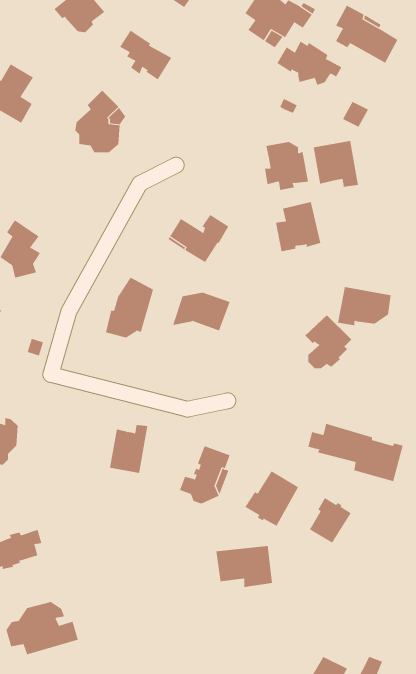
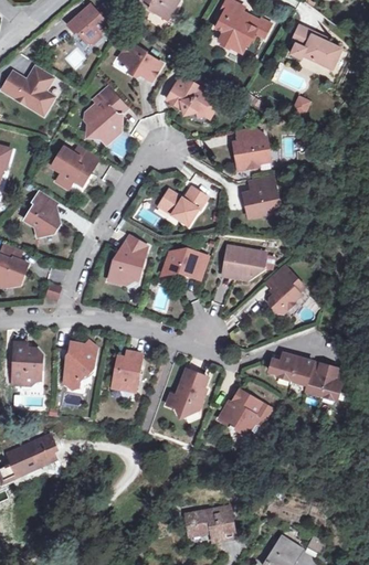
building: [277,41,342,85] -> [166,82,218,117]
building: [313,140,359,188] -> none
building: none -> [51,147,97,189]
building: [337,287,392,326] -> [222,246,265,277]
building: none -> [64,341,97,390]
building: [309,497,351,544] -> none
building: [216,546,273,587] -> [189,510,234,543]
building: [6,601,78,655] -> none

